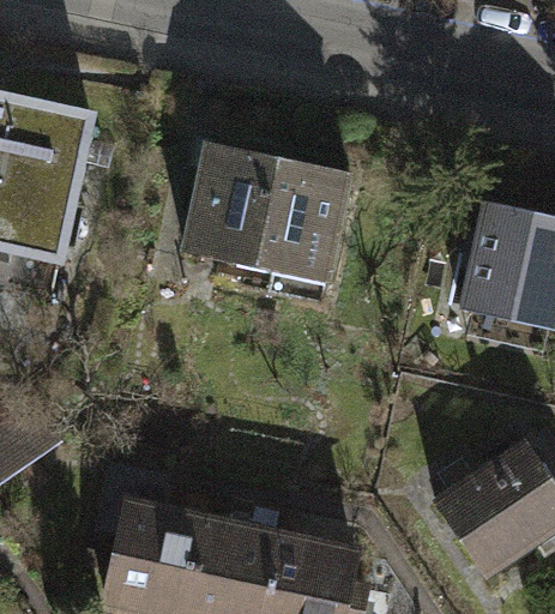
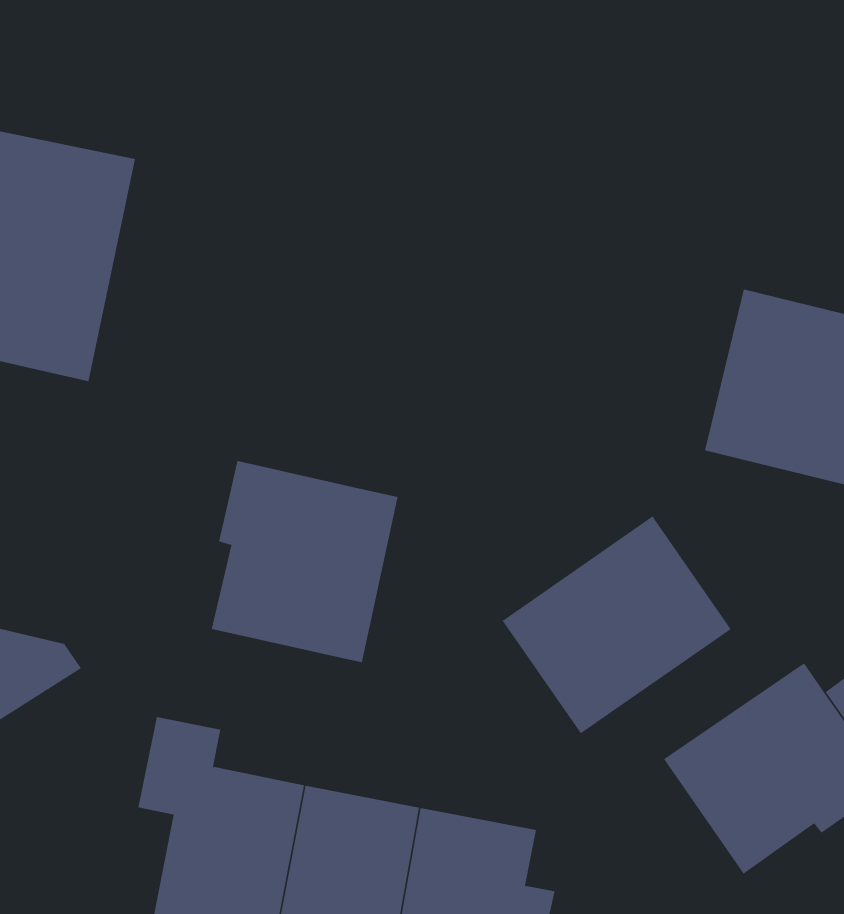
building: [181,140,351,305] -> none
building: none -> [211,460,398,663]
building: none -> [502,516,731,734]

